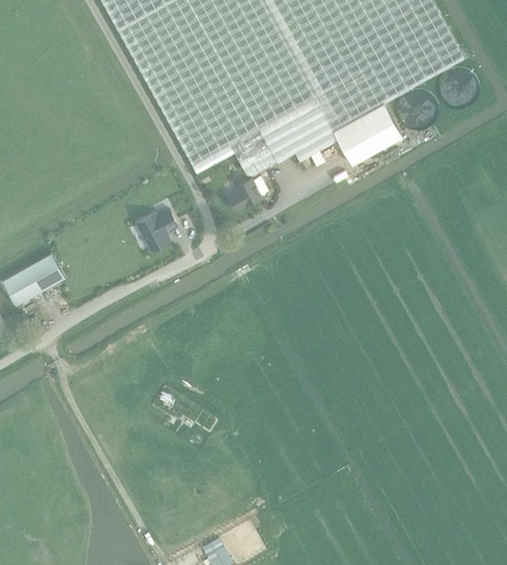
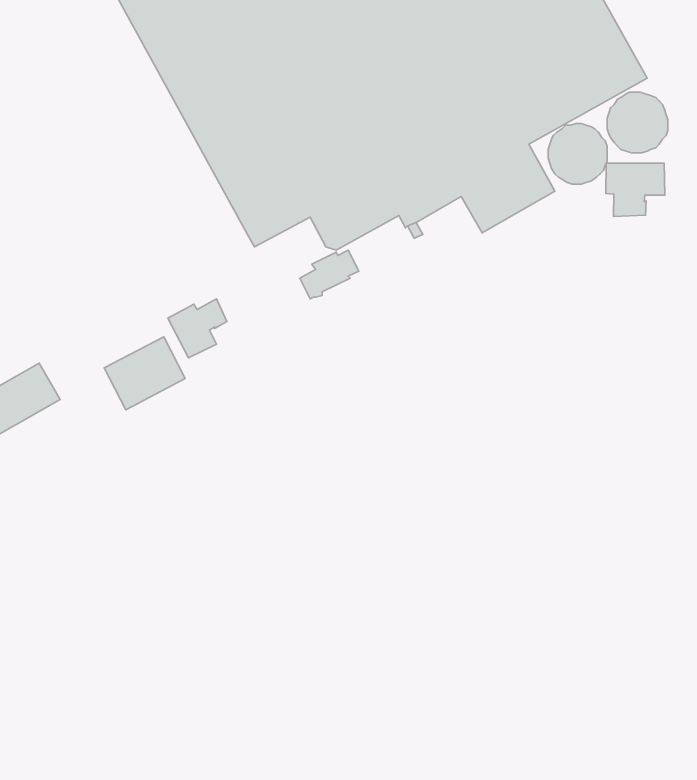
building: none -> [606,163,665,216]
building: none -> [104,337,185,410]

